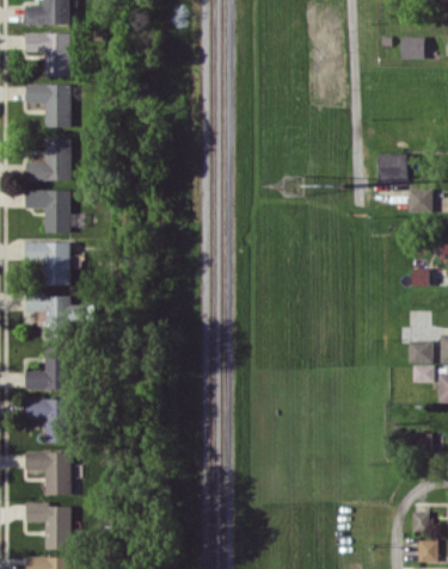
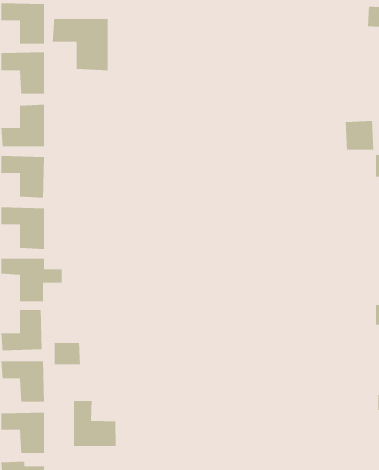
building: none -> [52,18,109,71]
building: none -> [54,342,81,365]
building: none -> [73,400,117,447]

